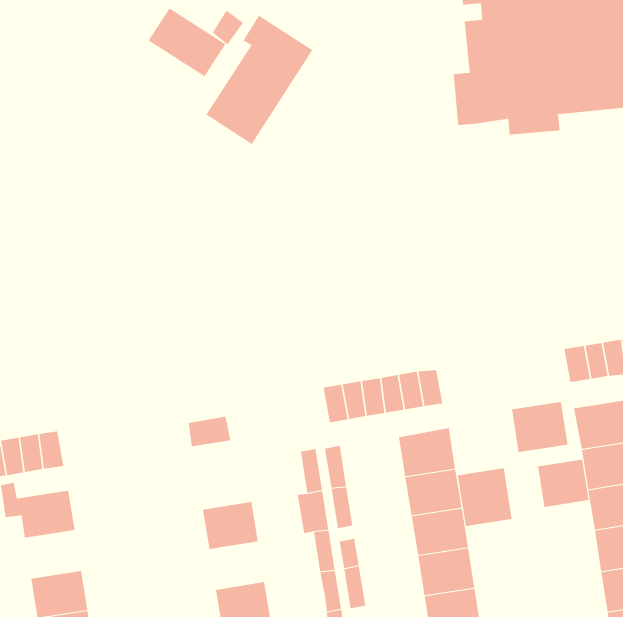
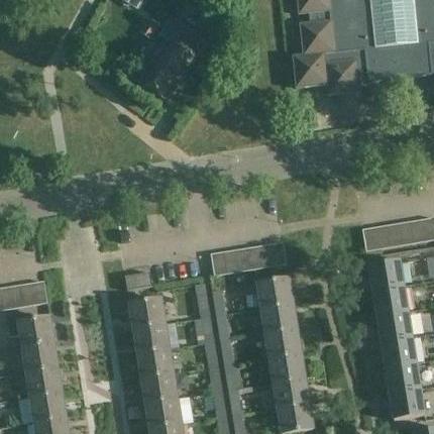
building: [148,7,226,77] -> none
building: [511,401,568,453] -> none
building: [538,459,589,508] -> none
building: none -> [130,300,166,330]
building: [457,468,512,527] -> none
building: none -> [22,343,59,373]
building: none -> [138,350,174,381]

